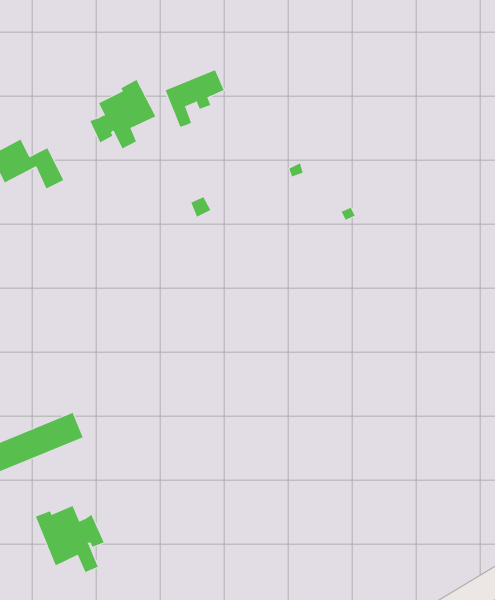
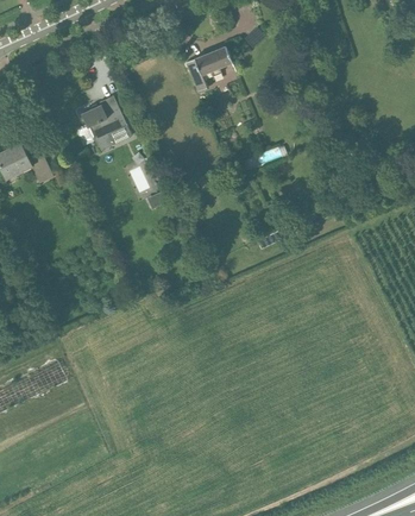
building: [165,69,224,127] -> [186,44,233,90]
building: [35,505,105,573] -> none

